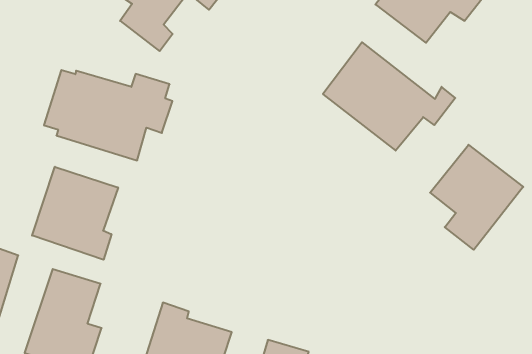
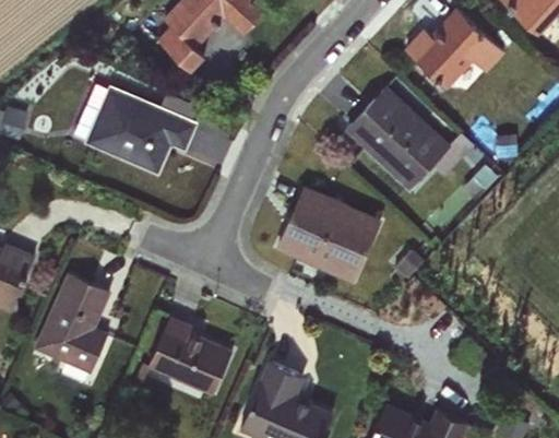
building: [430,145,523,250] -> none
building: none -> [275,184,383,285]
building: [32,167,118,260] -> none

